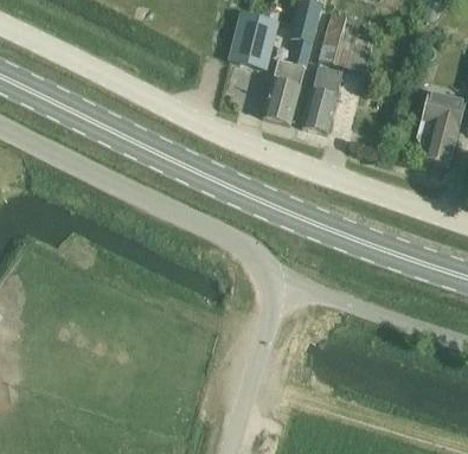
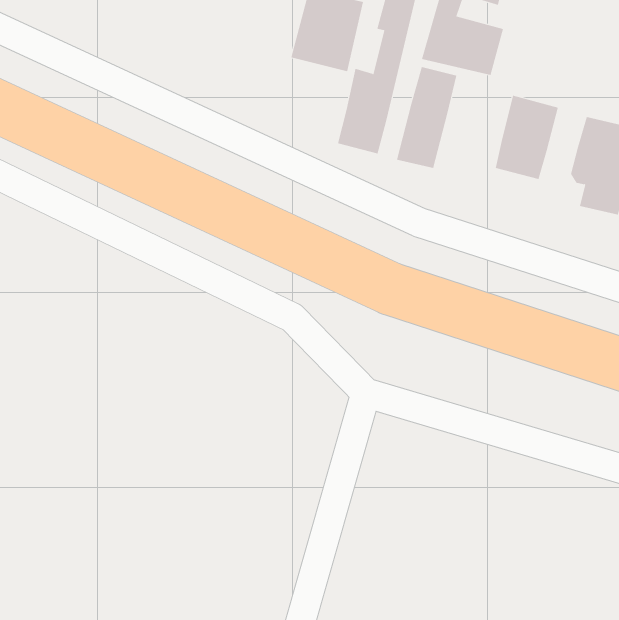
building: none -> [495,95,559,180]

